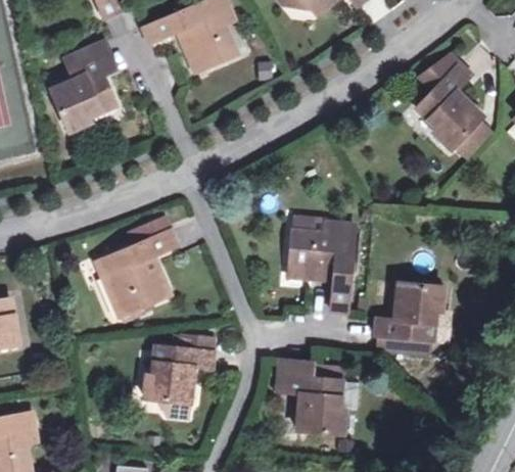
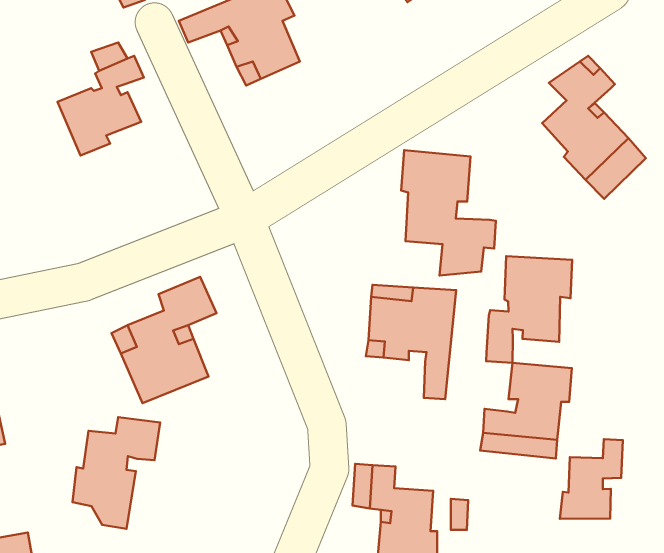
building: none -> [401,150,496,275]
building: none -> [486,256,572,363]
building: [140,335,206,420] -> [73,417,160,529]
building: none -> [560,439,623,519]

